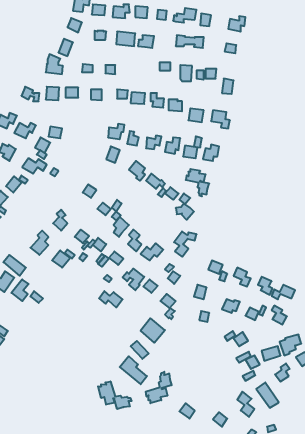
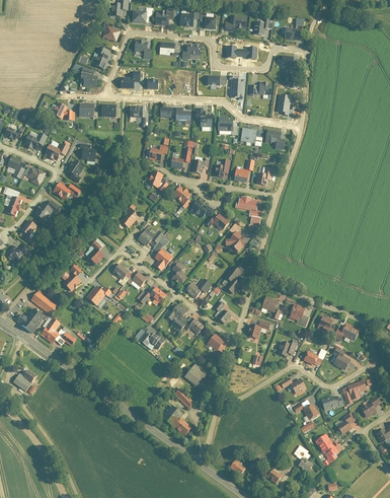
building: [146,372,172,403] -> none
building: [98,381,132,409] -> none

